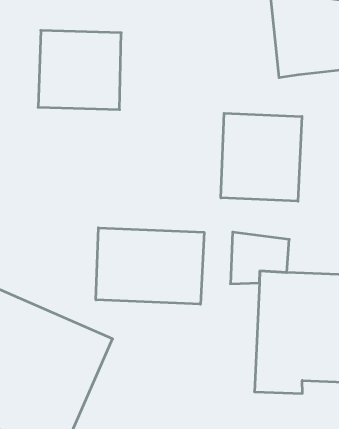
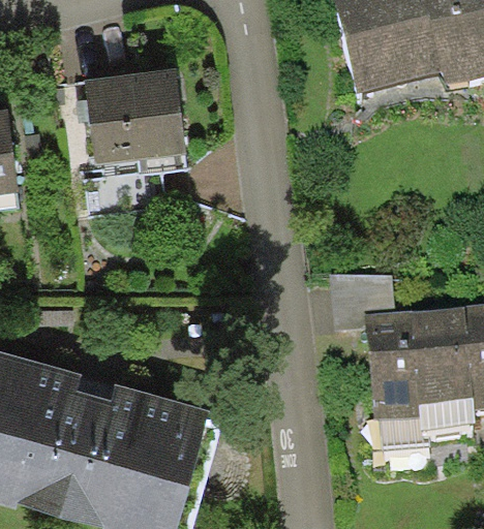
building: [221,113,302,201] -> none
building: [96,228,204,304] -> none

